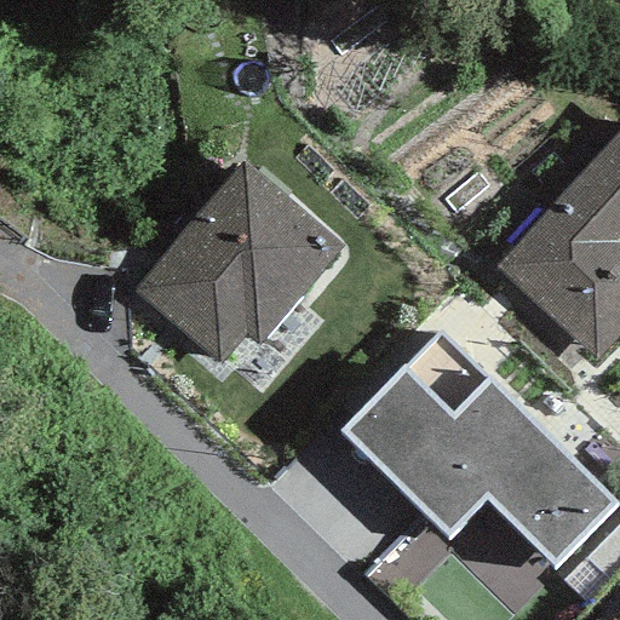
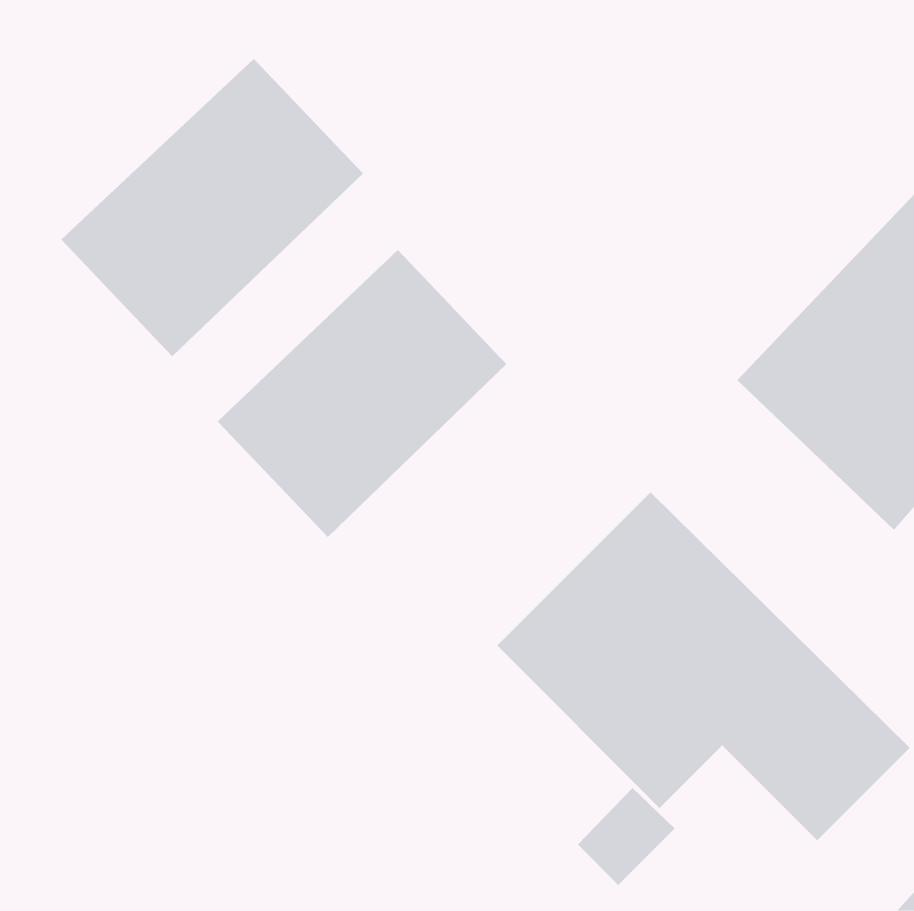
building: none -> [60,58,364,357]

